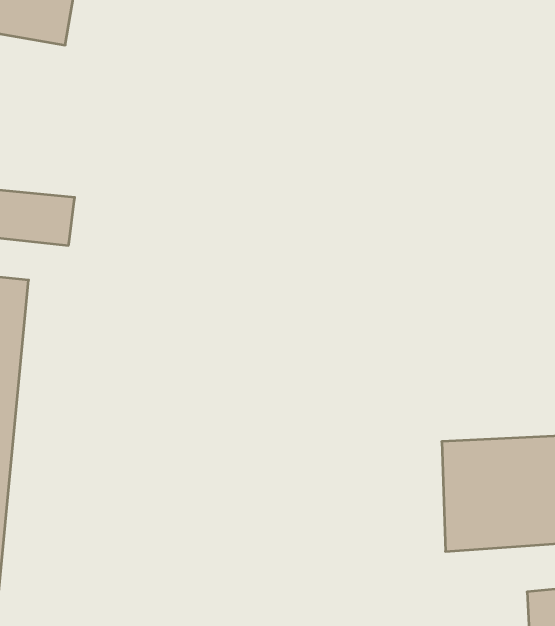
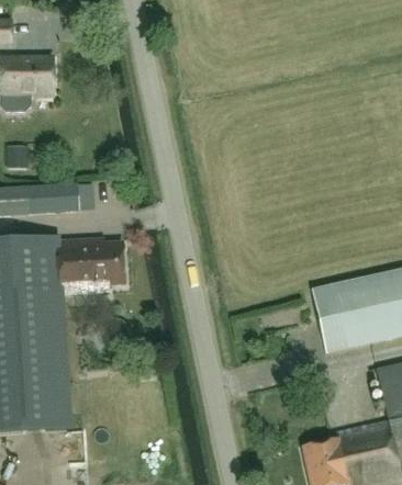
building: none -> [56,235,126,295]

